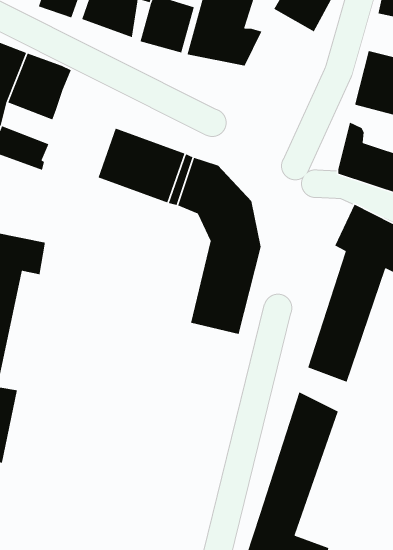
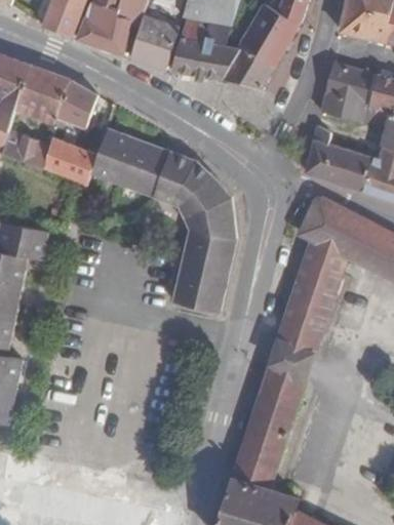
building: none -> [224,28,284,87]
building: none -> [58,81,98,128]
building: none -> [46,140,97,184]
building: none -> [271,341,313,379]

